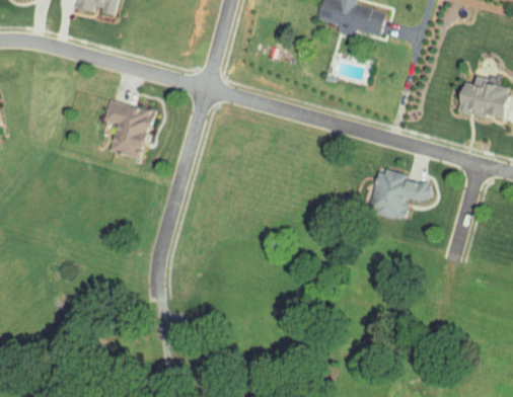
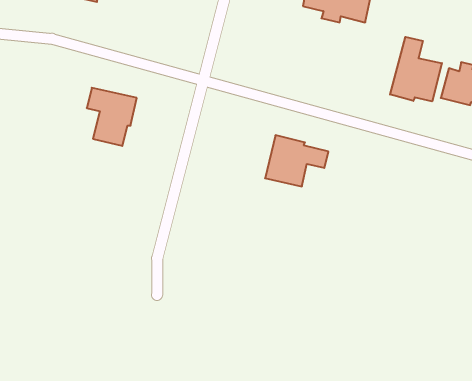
building: none -> [390,37,442,101]
building: [368,167,431,218] -> [265,135,328,186]

